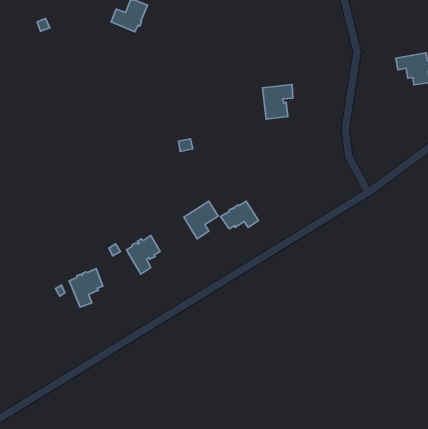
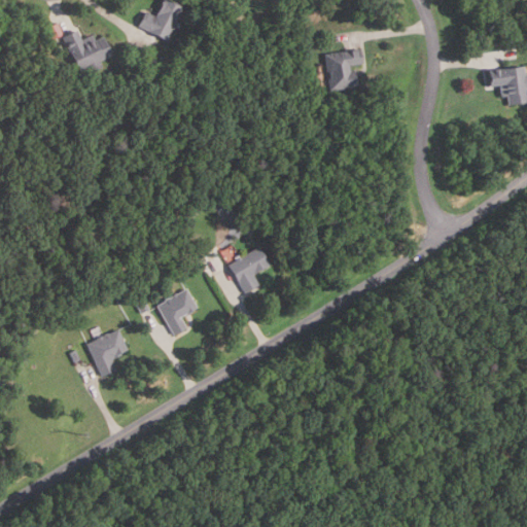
building: none -> [63,30,112,72]
building: [263,85,293,119] -> [325,49,362,92]
building: [221,201,259,229] -> none

